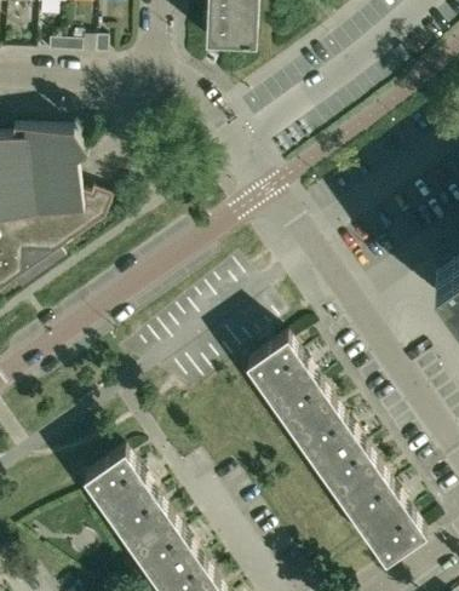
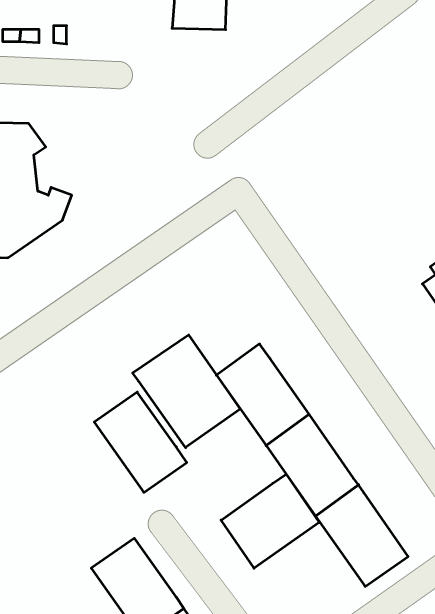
building: none -> [133,335,240,448]
building: [82,452,168,545] -> [94,392,187,492]
building: none -> [221,474,319,568]

